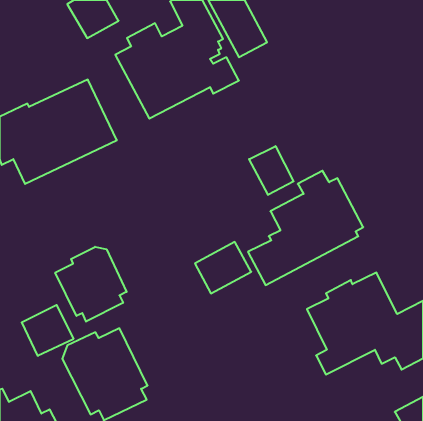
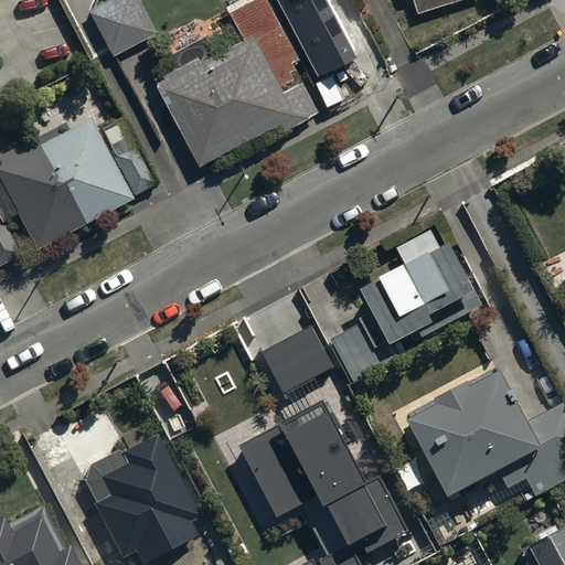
building: [249,146,294,195] -> none
building: [55,247,127,322] -> none
building: none -> [238,405,404,547]
building: [22,305,73,356] -> none

